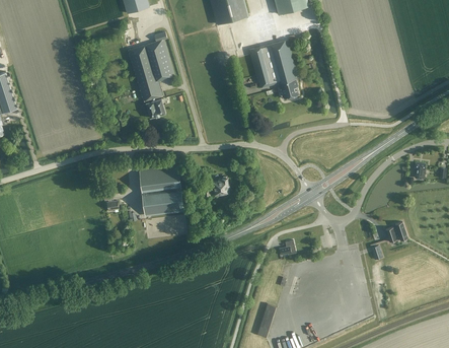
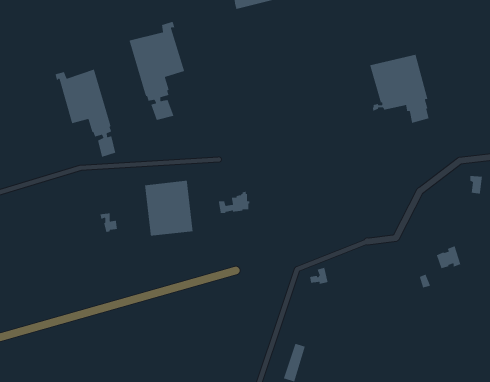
building: [247,41,298,99] -> [369,54,430,124]
building: none -> [54,68,116,158]

